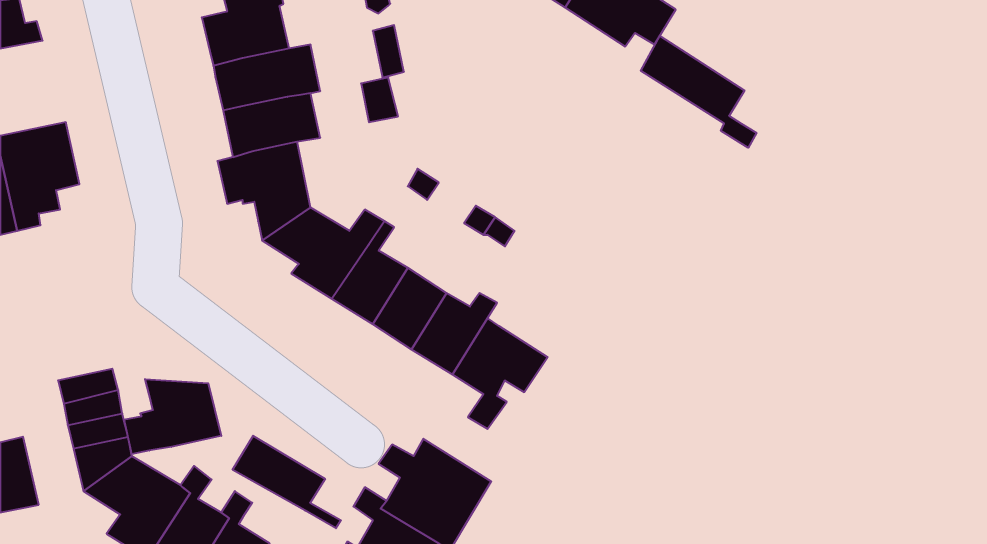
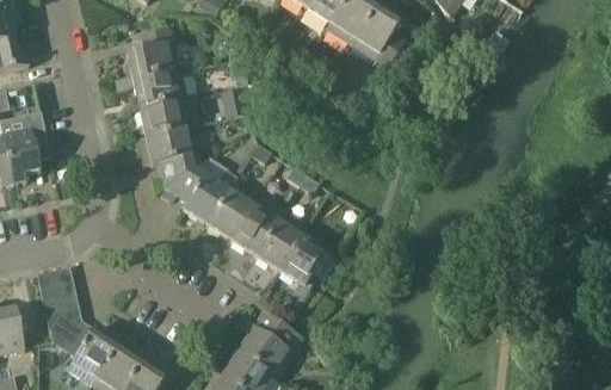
building: [641,36,756,148] -> none
building: [124,379,221,454] -> none
building: [233,436,341,528] -> none

